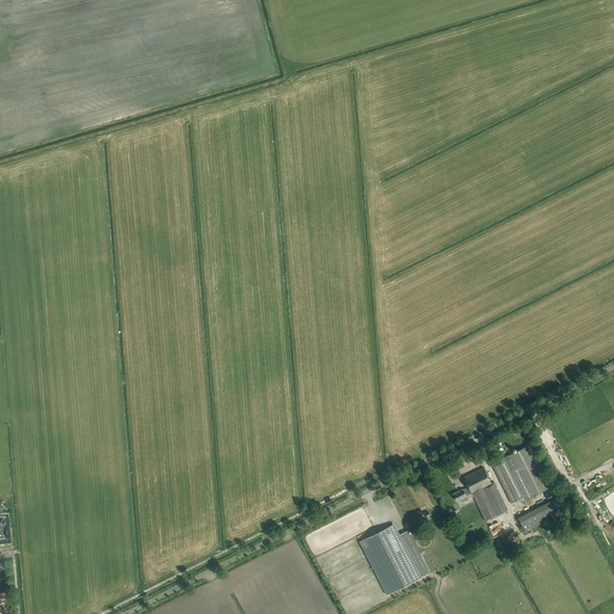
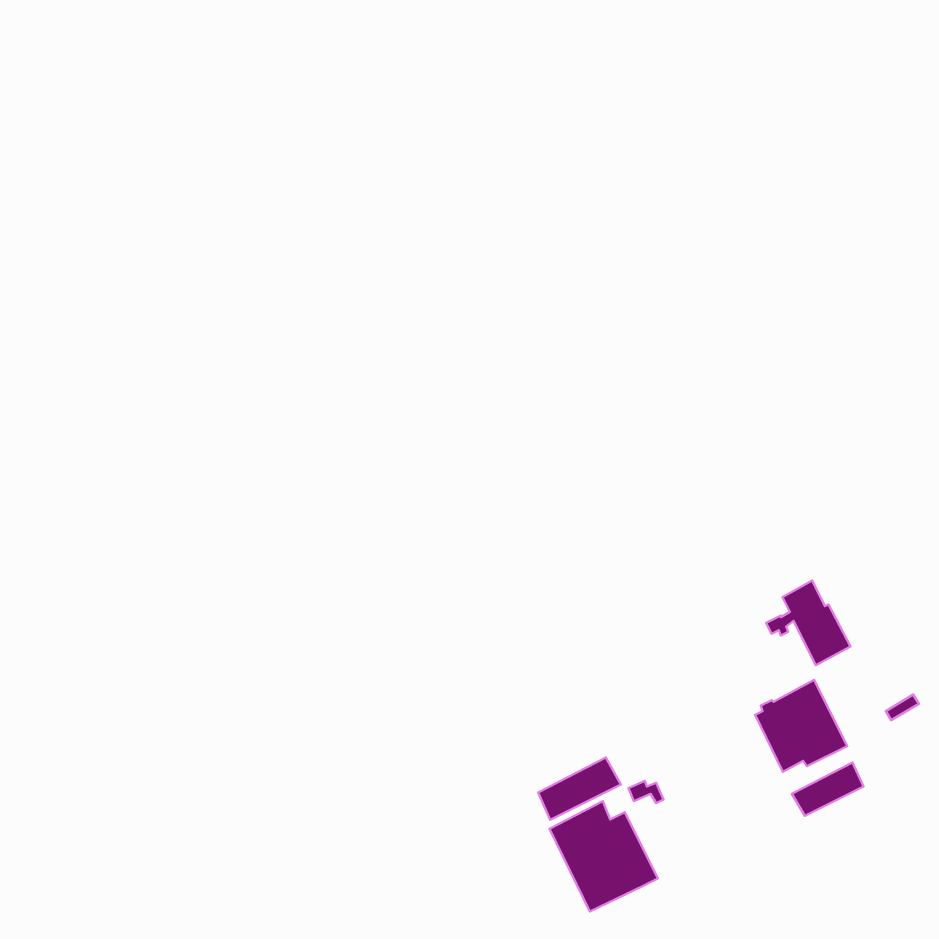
building: [453,466,508,522] -> [766,581,851,665]
building: none -> [538,758,621,820]

